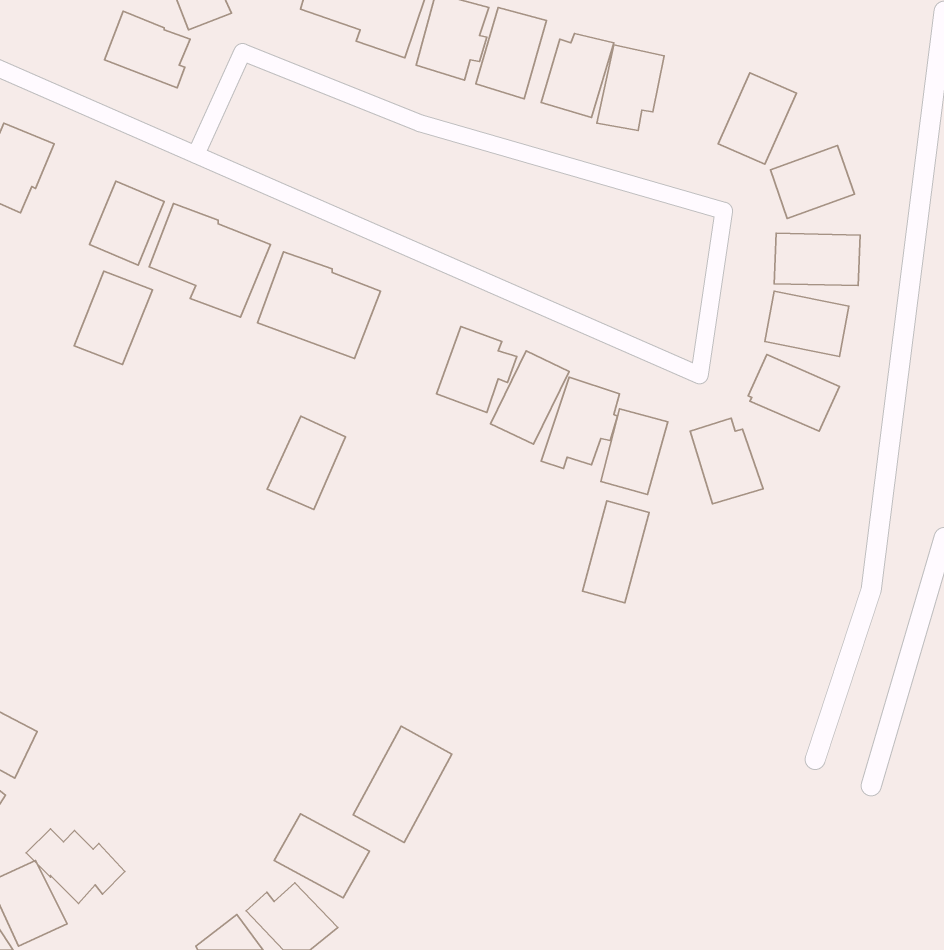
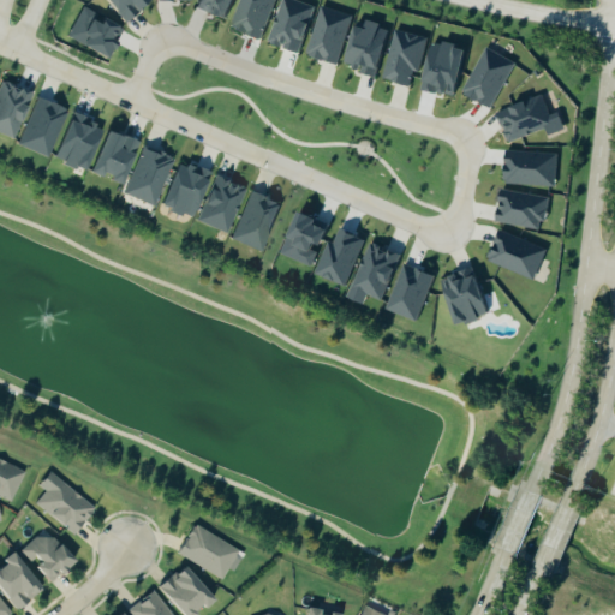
building: none -> [424,41,468,96]
building: [74,271,152,364] -> [18,96,68,156]
building: [267,416,345,510] -> [231,190,281,250]
building: [583,501,649,603] -> none
building: [353,726,452,843] -> none
building: none -> [35,470,95,532]

